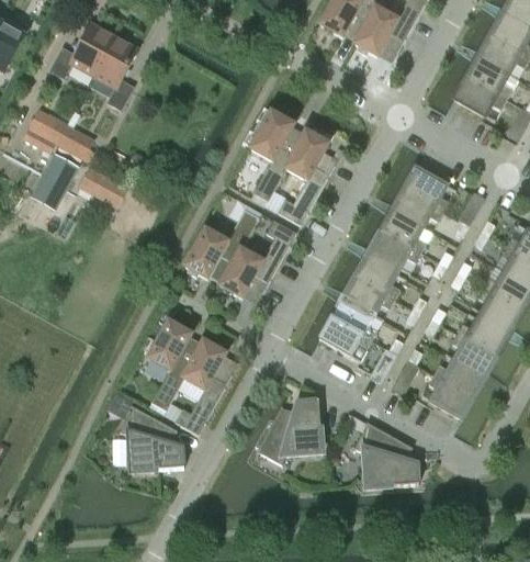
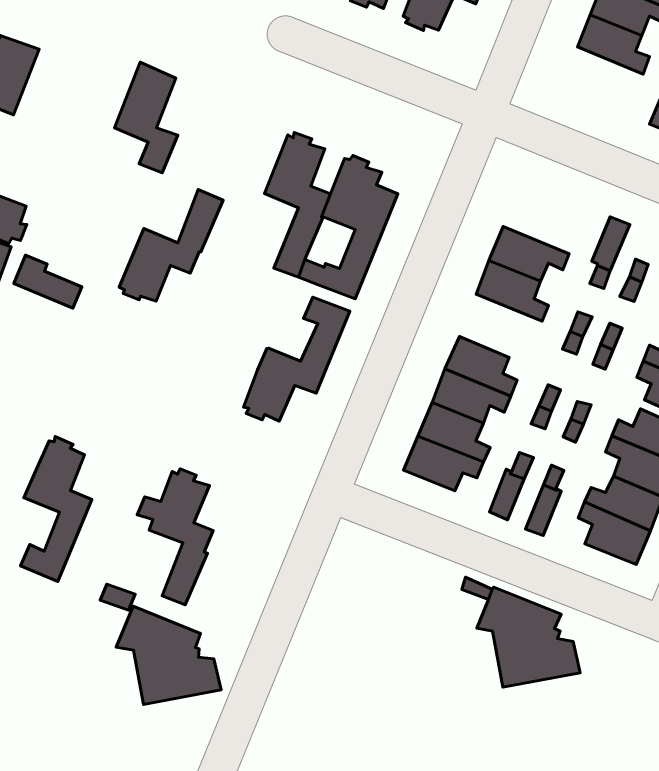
building: [93,35,137,109] -> [114,62,178,173]
building: [453,77,506,115] -> none
building: [403,167,449,211] -> none
building: [184,207,259,277] -> [119,190,223,301]
building: [368,229,420,268] -> none
building: [174,338,226,432] -> [21,437,92,581]
building: [256,400,322,464] -> none

